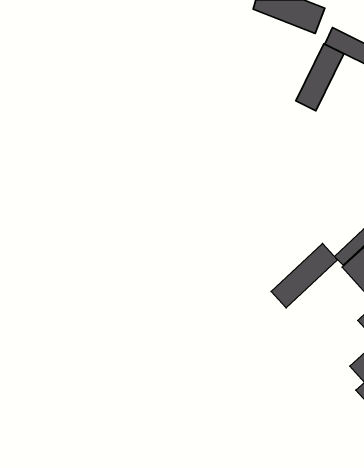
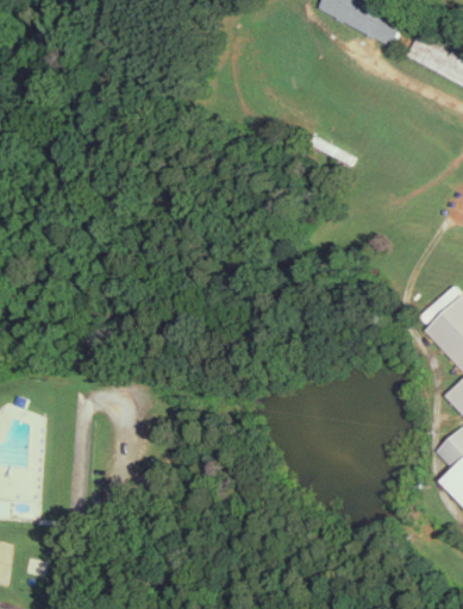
building: [296,44,344,111] -> none
building: [271,243,337,308] -> none

